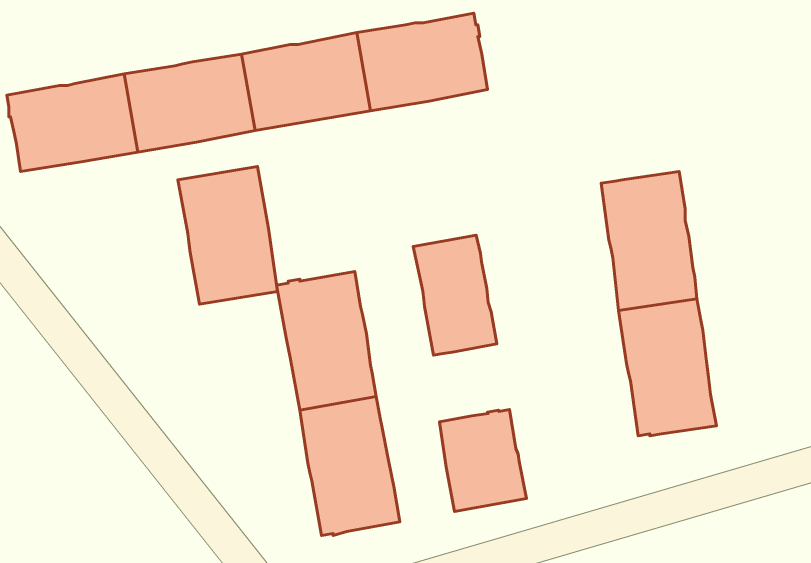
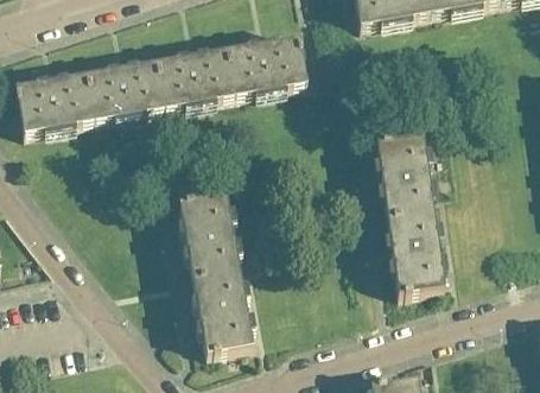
building: [178,166,277,304] -> none
building: [413,235,497,355] -> none
building: [439,409,527,512] -> none

